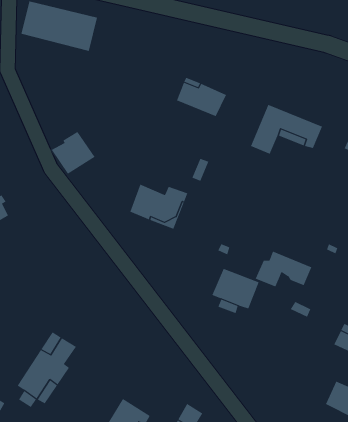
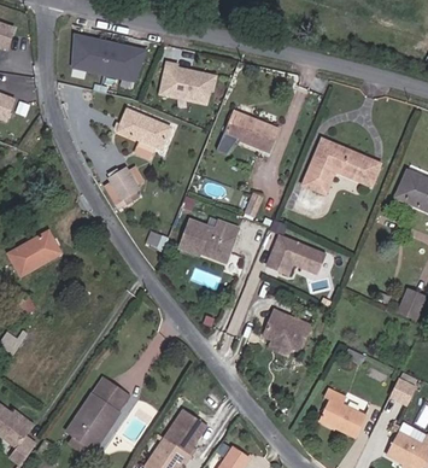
building: none -> [159,55,215,98]
building: none -> [118,112,168,147]
building: [255,251,312,287] -> [268,238,327,275]
building: none -> [312,386,357,433]
building: none -> [170,413,211,461]

